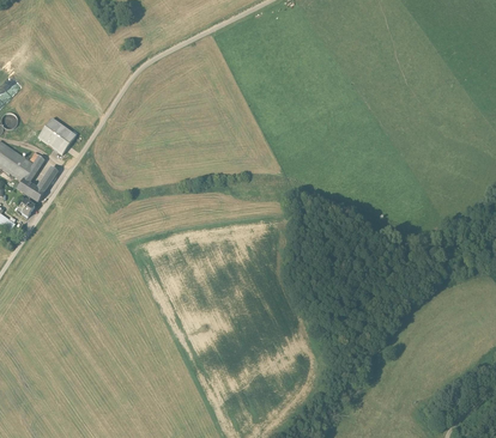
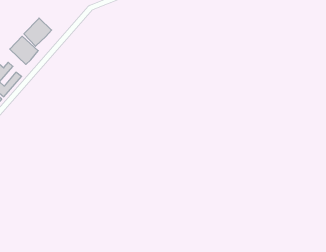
building: none -> [24,18,52,46]

